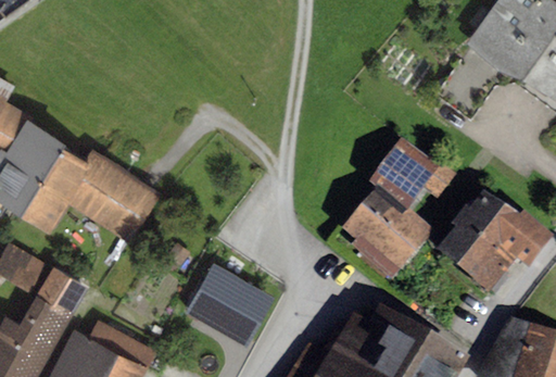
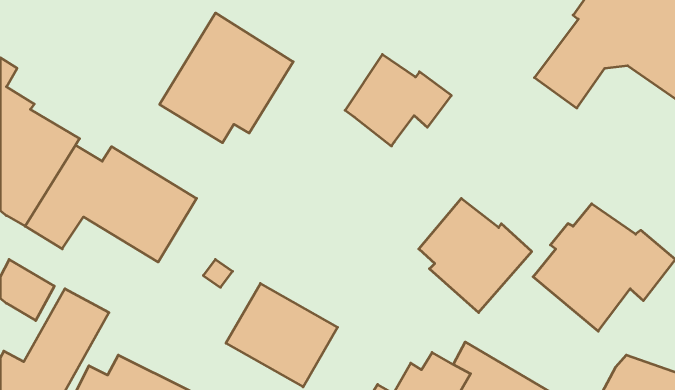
building: none -> [160,13,293,143]
building: [369,138,456,213] -> [345,54,451,146]

